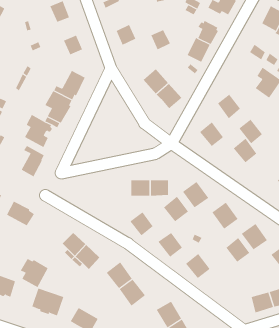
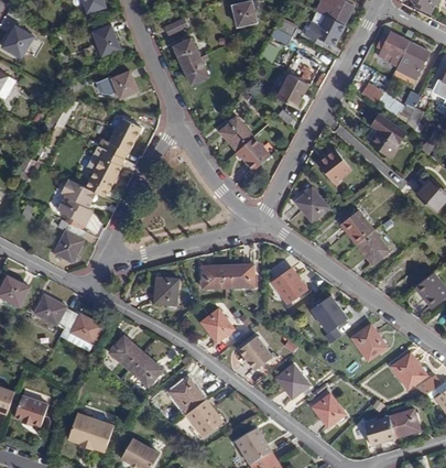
building: [150,30,171,50] -> [173,37,200,65]
building: [238,119,263,144] -> [356,230,389,264]
building: none -> [154,277,177,304]
building: [163,196,189,222] -> none
building: [226,237,250,263] -> [312,393,345,427]
building: [20,258,49,288] -> [63,312,101,351]

